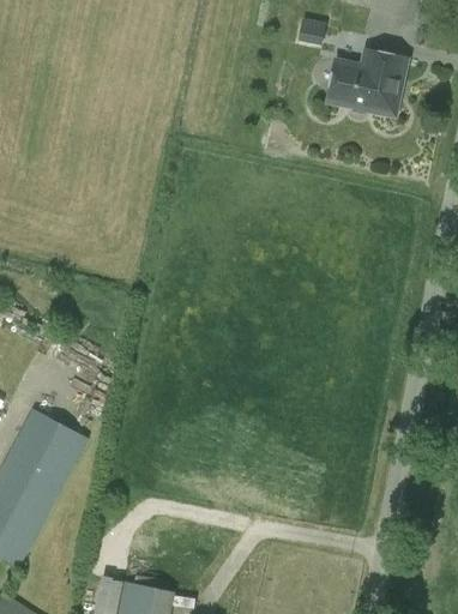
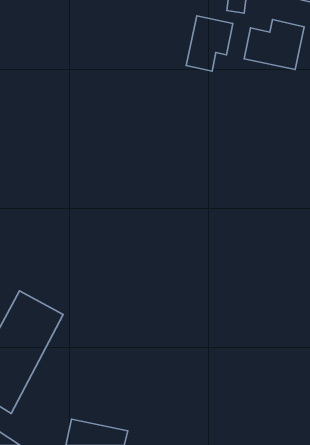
building: none -> [186,16,233,71]

